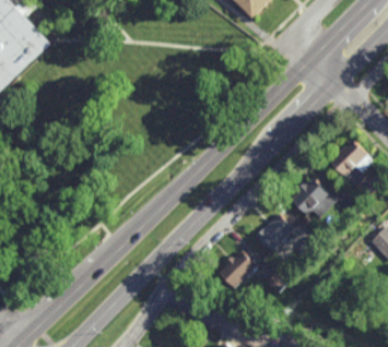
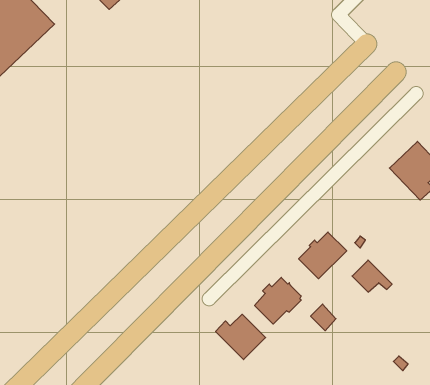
building: [289,176,334,216] -> none
building: none -> [216,314,266,360]

